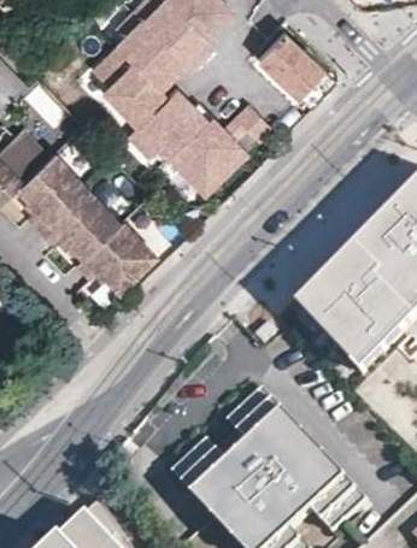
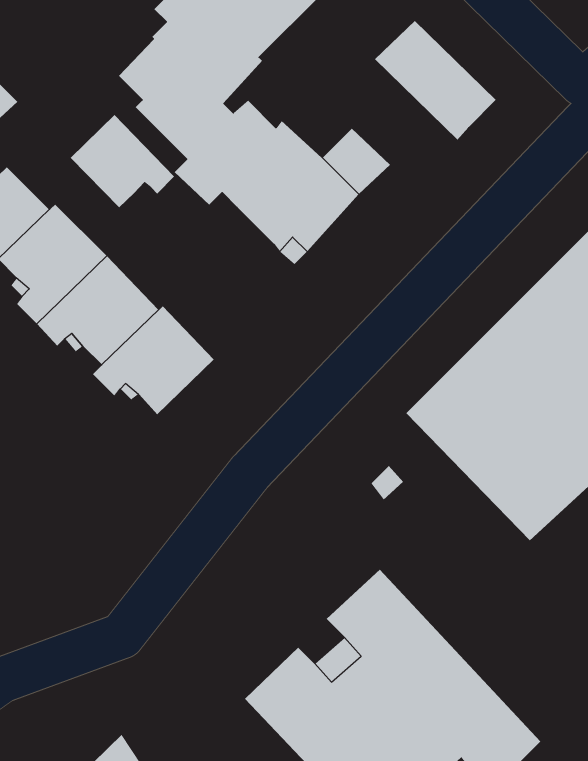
building: none -> [70,114,175,208]

